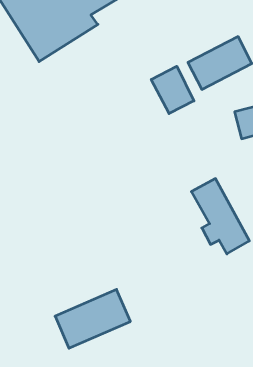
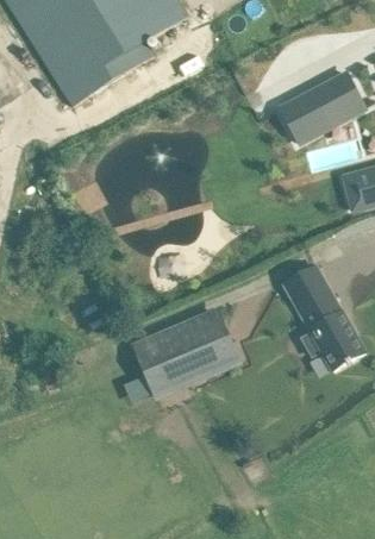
building: [151,66,194,114] -> none
building: [55,289,130,348] -> [132,305,236,386]

